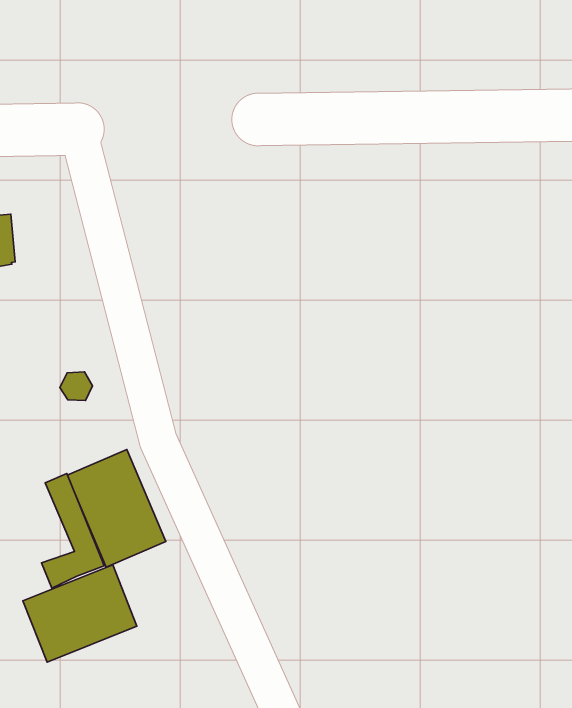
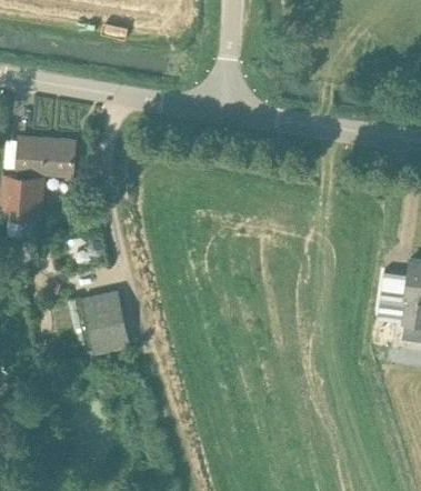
building: [23,565,137,662] -> none

